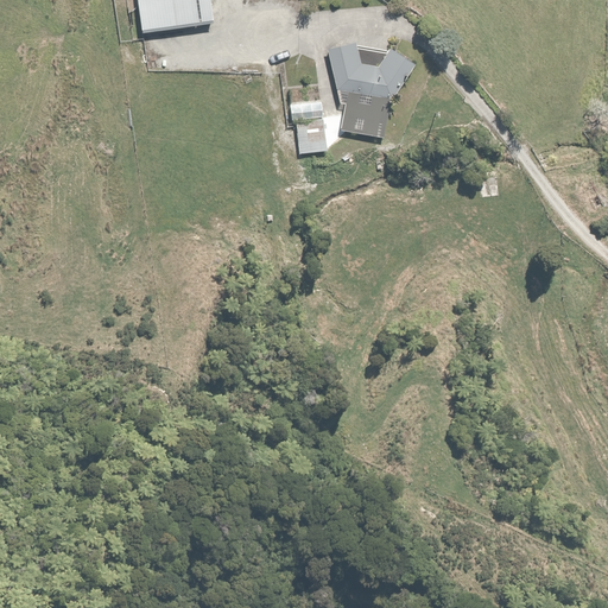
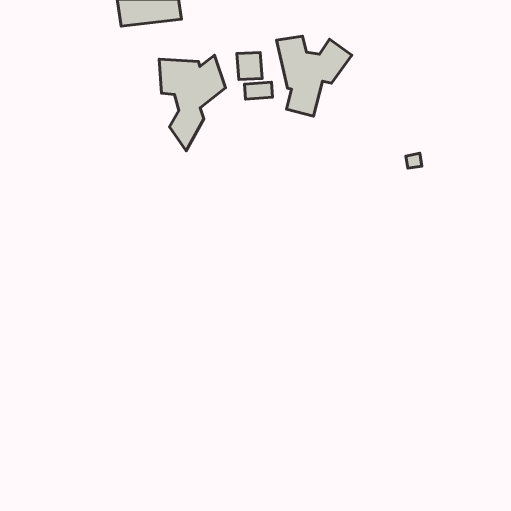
building: none -> [159,55,225,151]
building: [294,120,324,152] -> [237,52,262,79]

